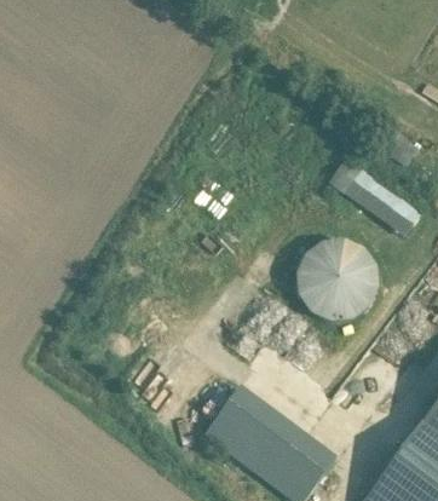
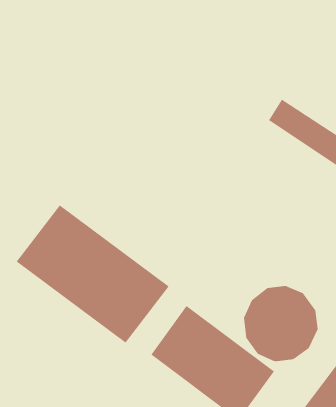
building: [296,240,378,322] -> [243,285,318,362]
building: none -> [16,204,169,344]

